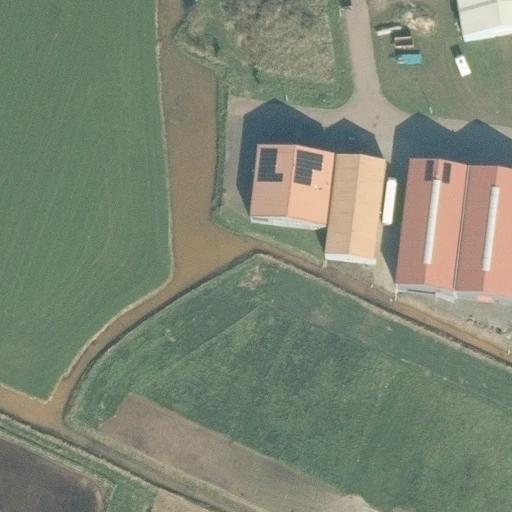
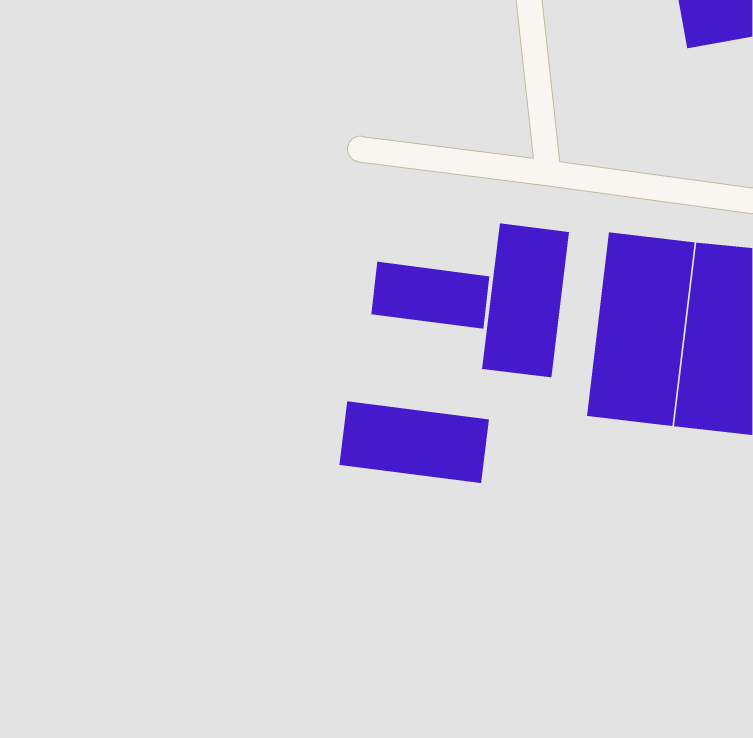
building: [255,142,336,187] -> none
building: none -> [339,400,490,484]

